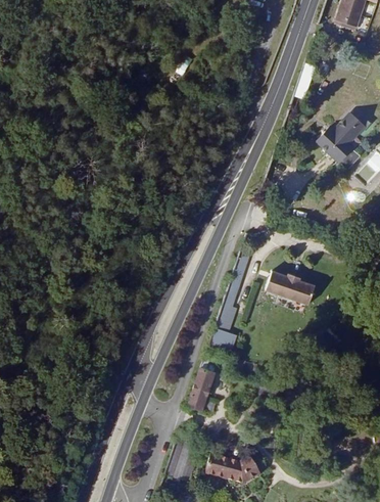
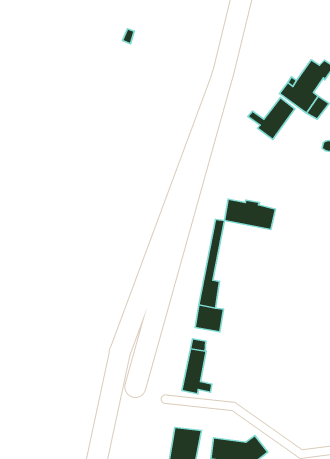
building: none -> [248,97,295,139]
building: [267,271,316,305] -> [225,199,276,230]

